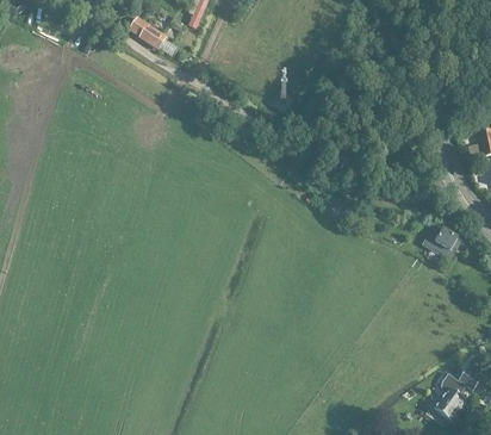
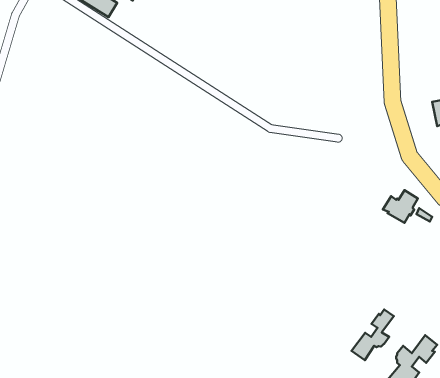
building: none -> [351,310,394,360]

